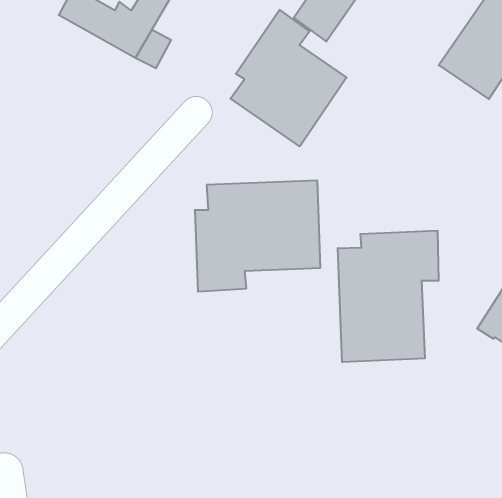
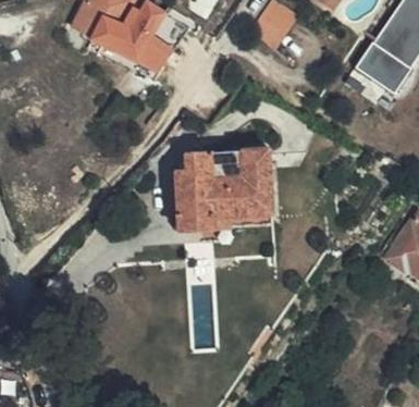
building: [230,10,347,146] -> none
building: [338,231,438,362] -> none

